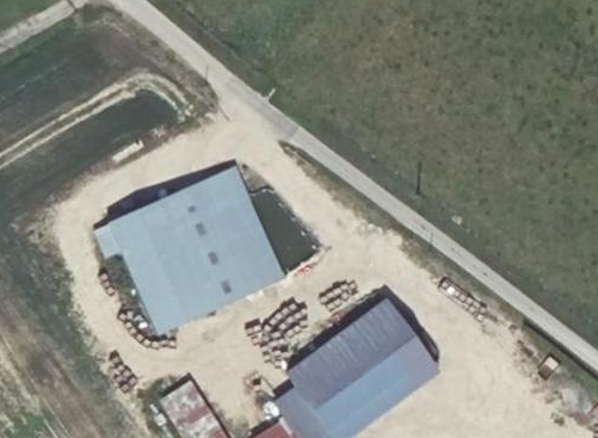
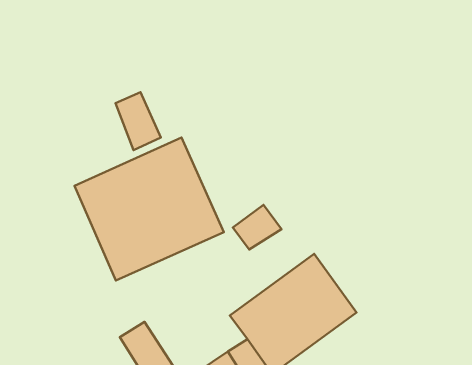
building: none -> [115,92,161,150]
building: none -> [233,205,282,250]

